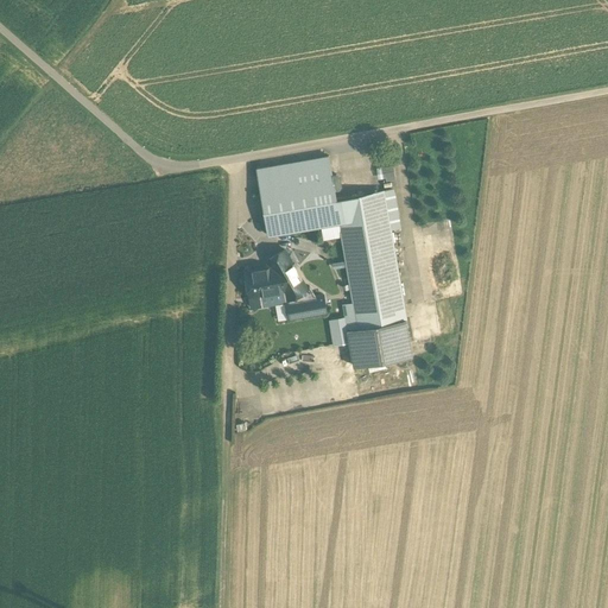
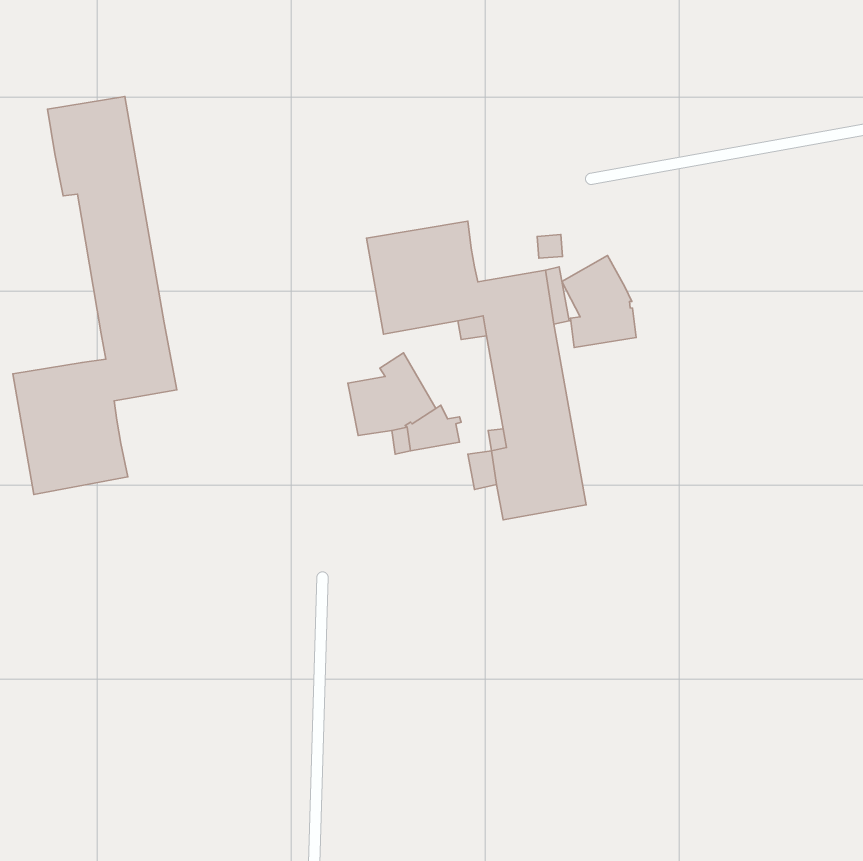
building: none -> [13,97,177,494]
building: none -> [562,256,636,348]

